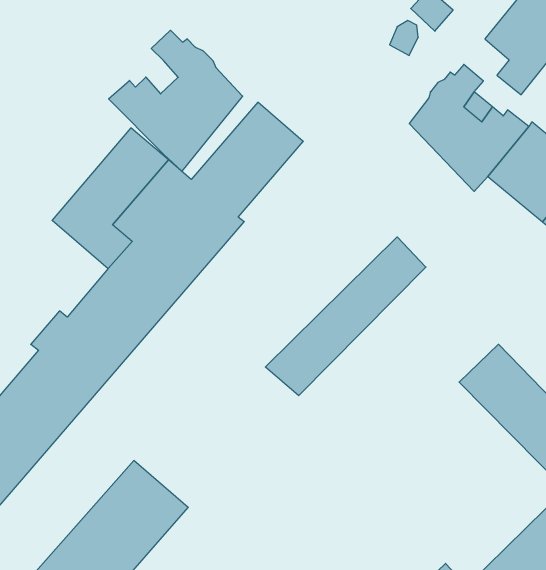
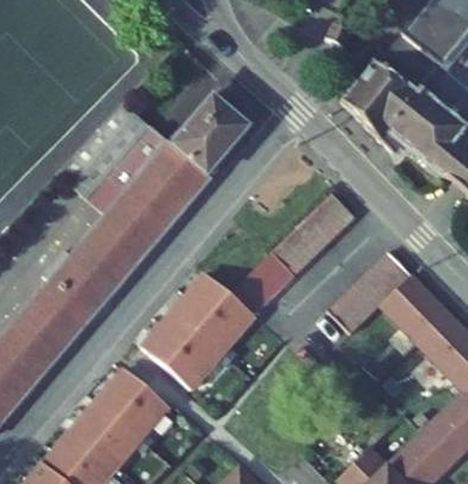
building: [109,30,243,171] -> none
building: none -> [330,252,413,333]
building: none -> [141,273,255,389]

